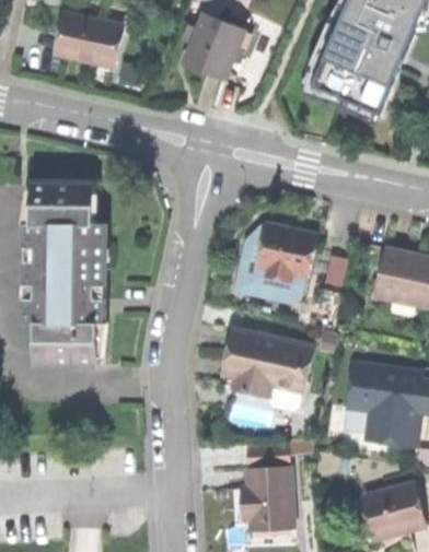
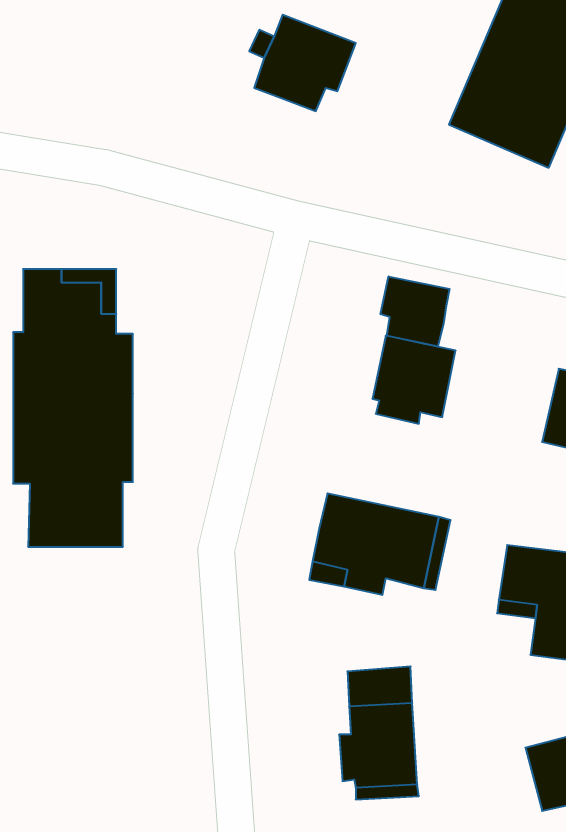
building: [57,12,118,64] -> none
building: none -> [381,276,450,347]

